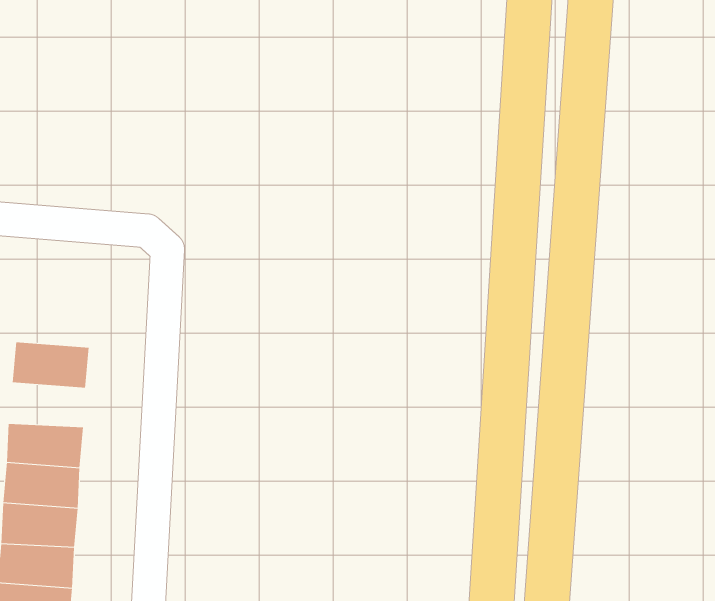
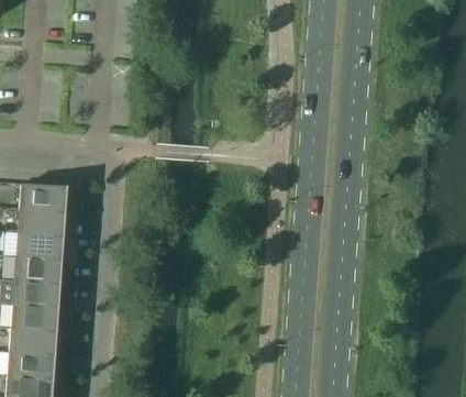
building: none -> [21,184,67,211]
building: none -> [16,232,63,258]

